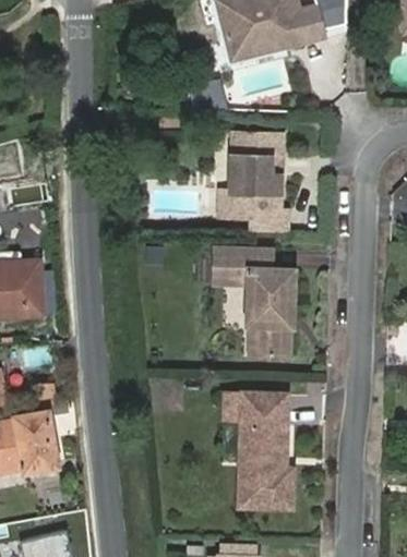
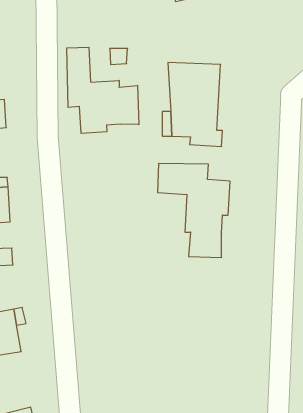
building: none -> [67,47,139,133]
building: [237,395,292,508] -> none

